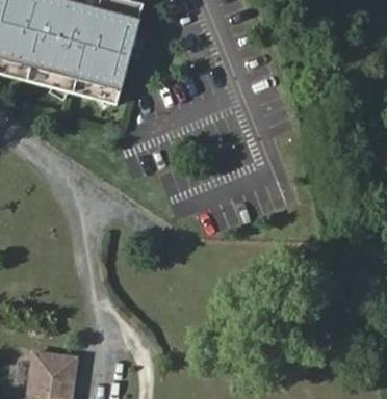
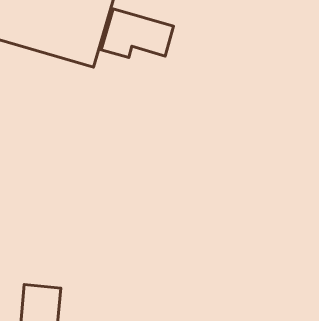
building: none -> [101,9,173,58]

